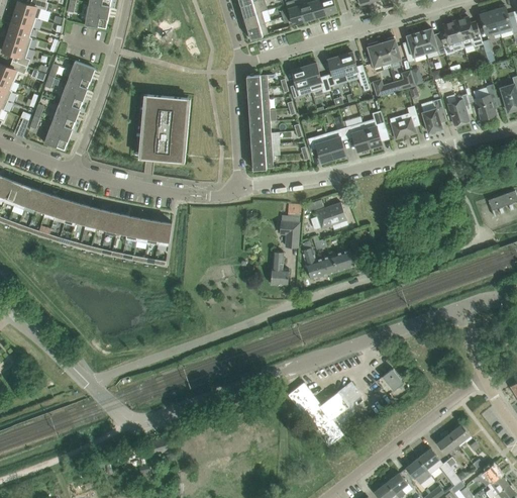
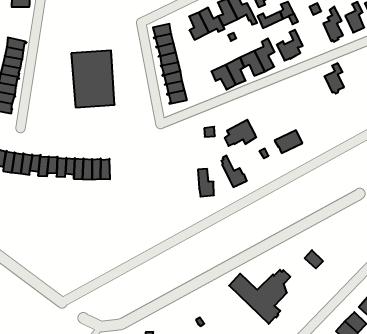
building: [421,99,443,134] -> [324,63,344,94]
building: [280,221,299,246] -> none
building: [322,250,354,274] -> [275,130,302,153]

